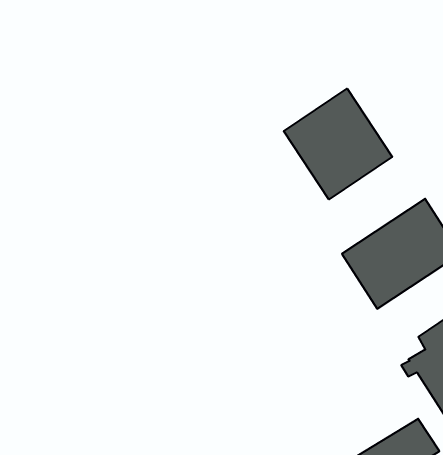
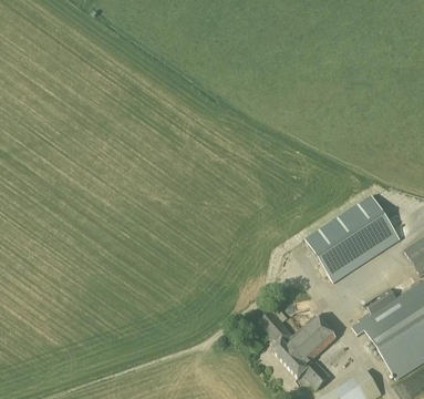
building: [284,89,392,199] -> none
building: none -> [260,309,338,389]

